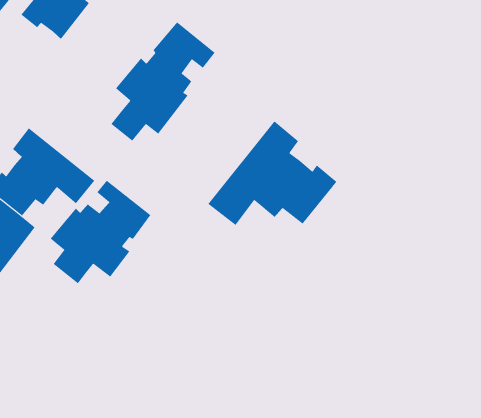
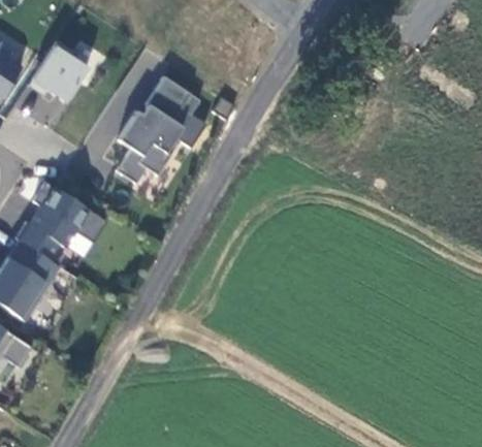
building: [208,121,337,226] -> none
building: [50,180,151,284] -> none

